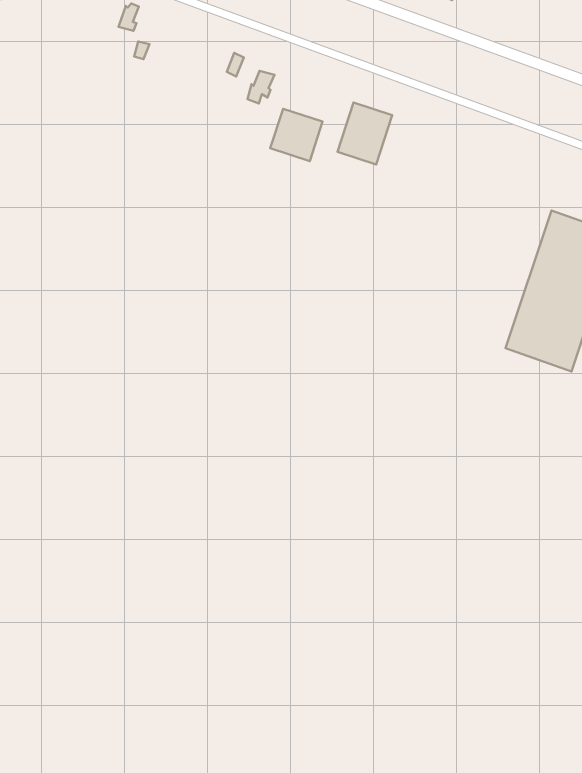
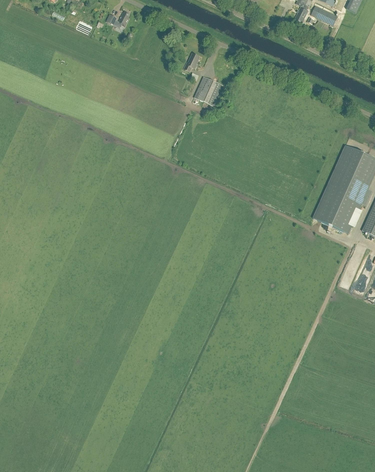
building: [338,103,392,164] -> none

